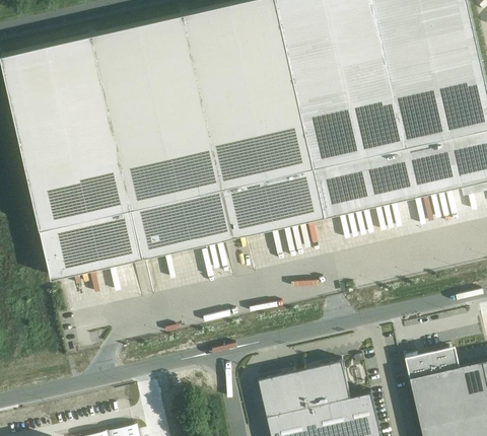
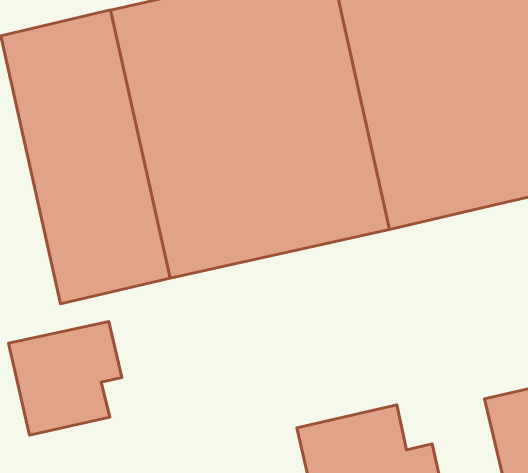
building: none -> [9,321,122,435]

